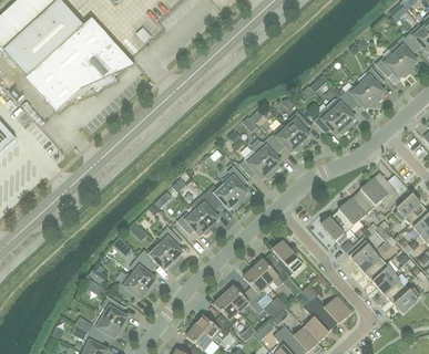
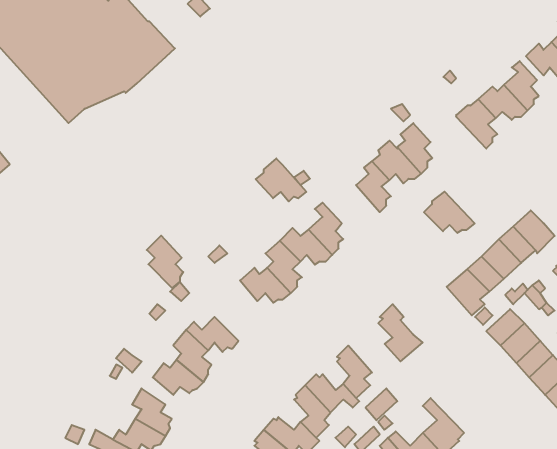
building: [313,106,348,135] -> [424,192,475,233]
building: [238,149,274,179] -> [256,158,306,201]
building: [157,226,183,262] -> [147,236,183,288]
building: [252,259,288,285] -> none
building: [300,283,351,326] -> none

